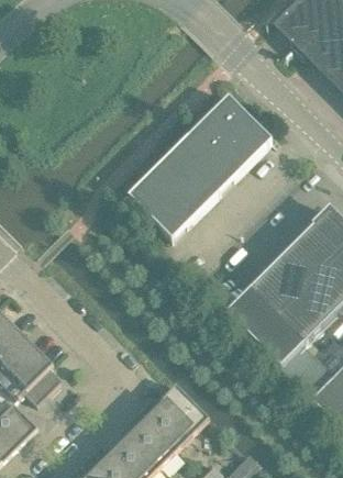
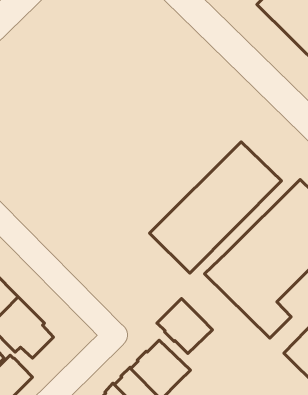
building: [128,95,272,238] -> [150,142,281,273]
building: none -> [157,299,213,353]

